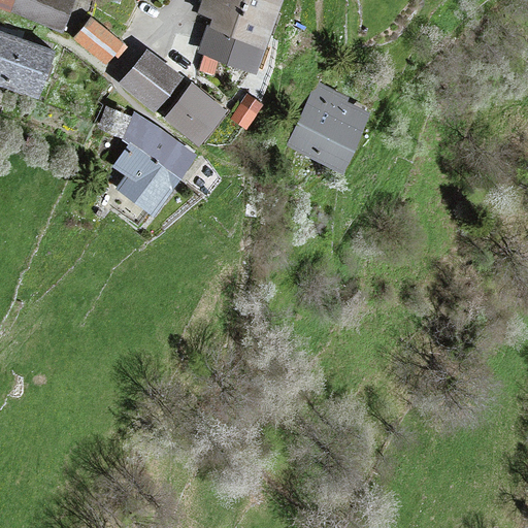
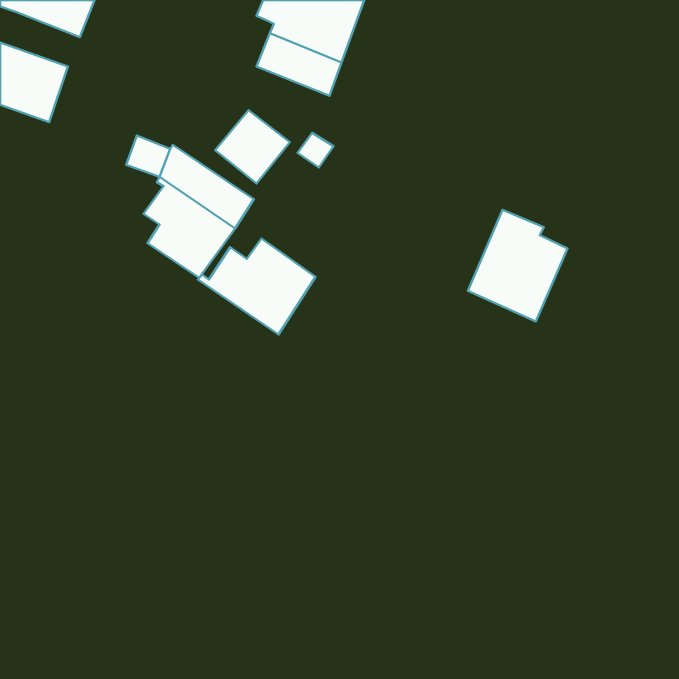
building: [74,18,123,64] -> none
building: [120,48,184,112] -> none
building: [290,84,367,170] -> [468,210,568,322]
building: none -> [198,239,316,335]

